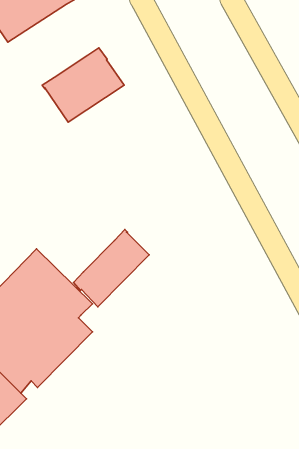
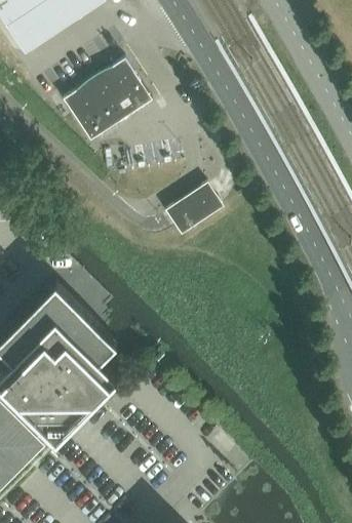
building: none -> [165,184,222,235]
building: [73,229,149,307] -> none

